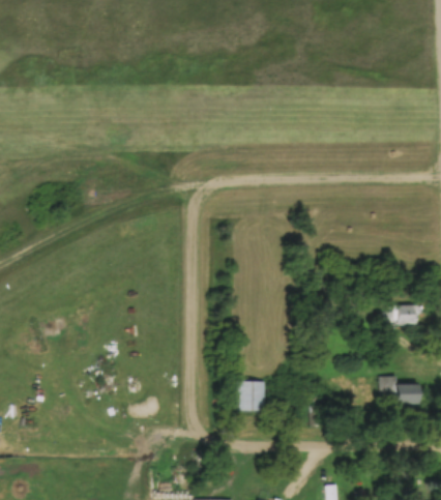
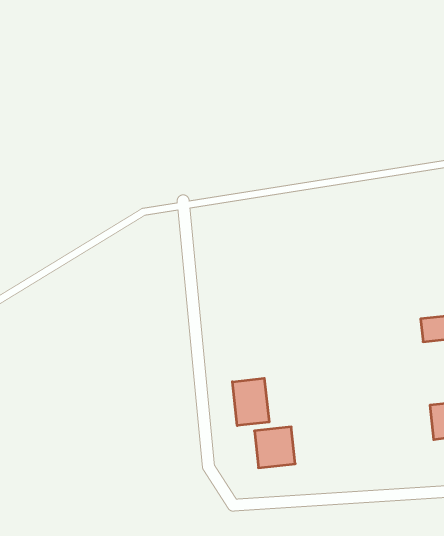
building: none -> [232,378,269,426]

